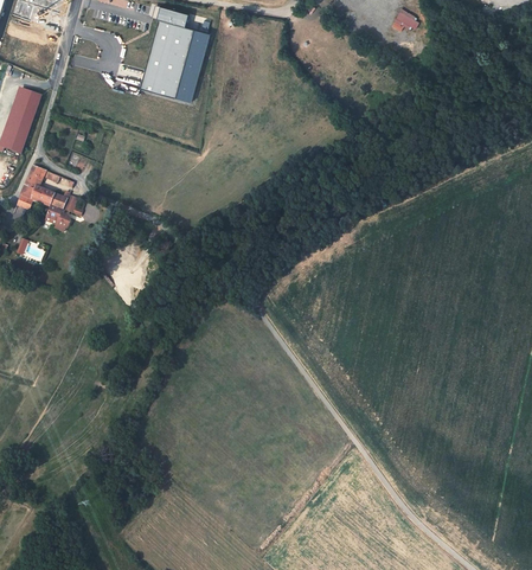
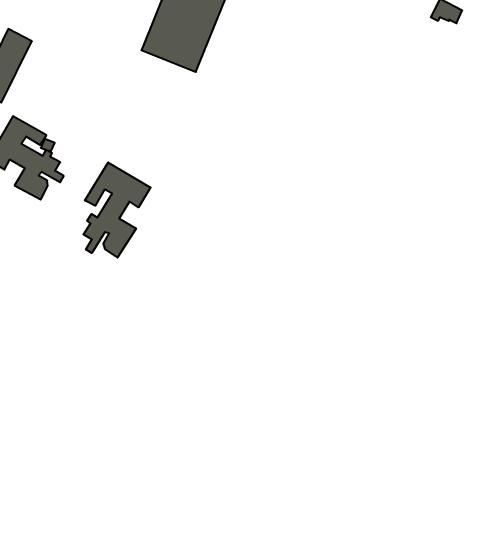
building: none -> [83,162,151,258]

